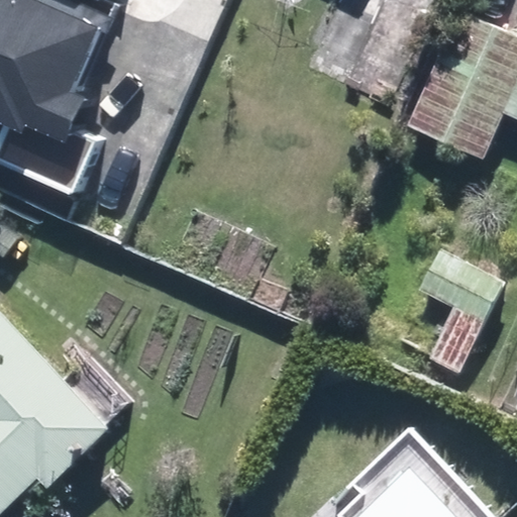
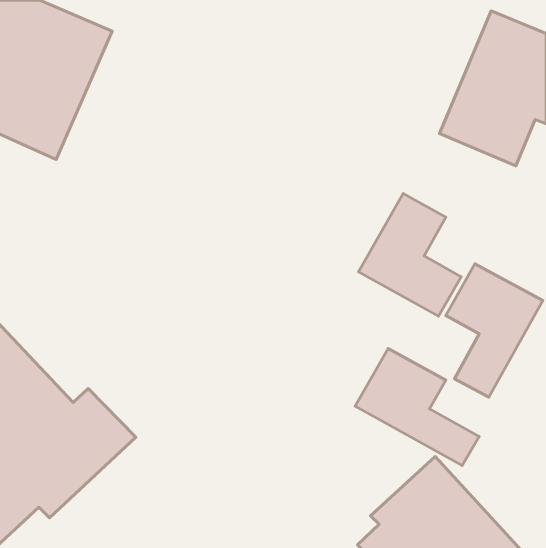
building: none -> [359,194,461,316]
building: none -> [355,348,479,466]

